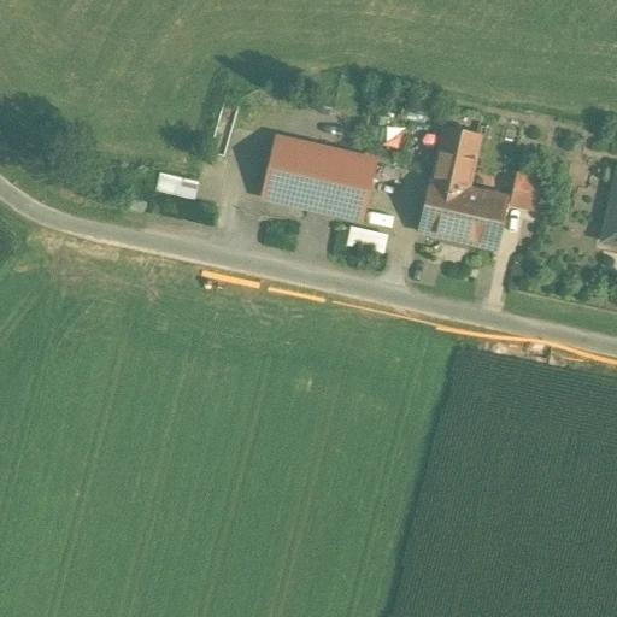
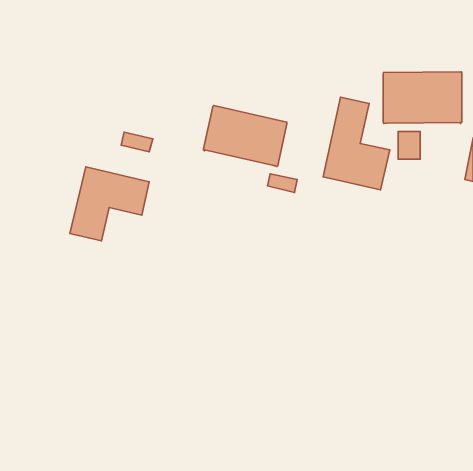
building: none -> [383,72,462,123]
building: none -> [70,167,149,241]

